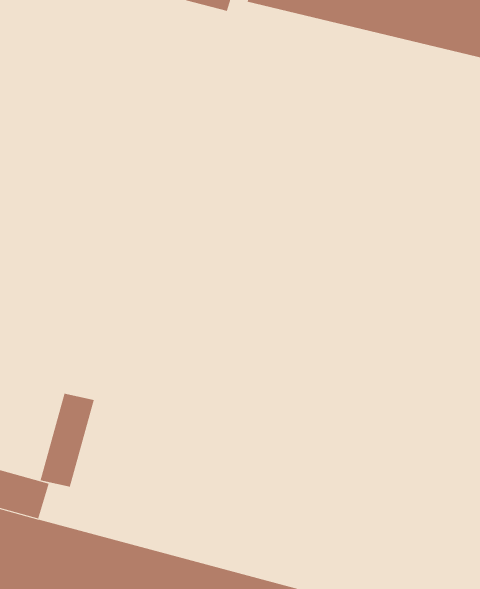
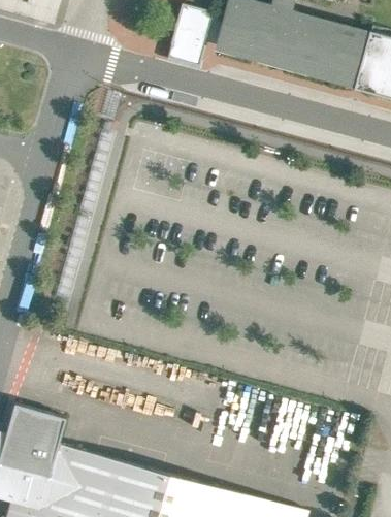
building: [40,393,94,488] -> none

